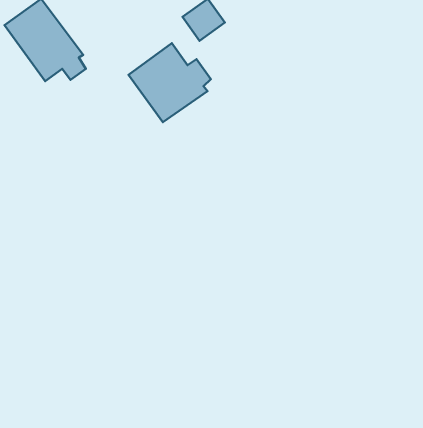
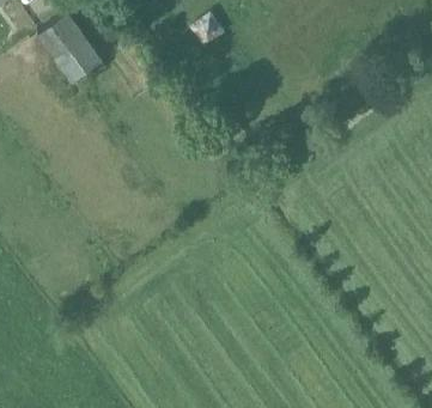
building: [129,43,211,122] -> none

